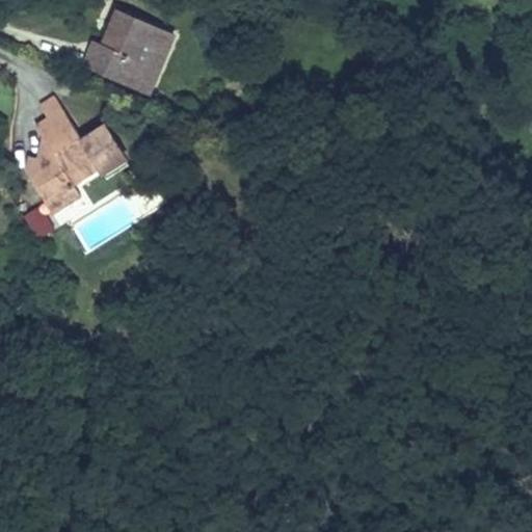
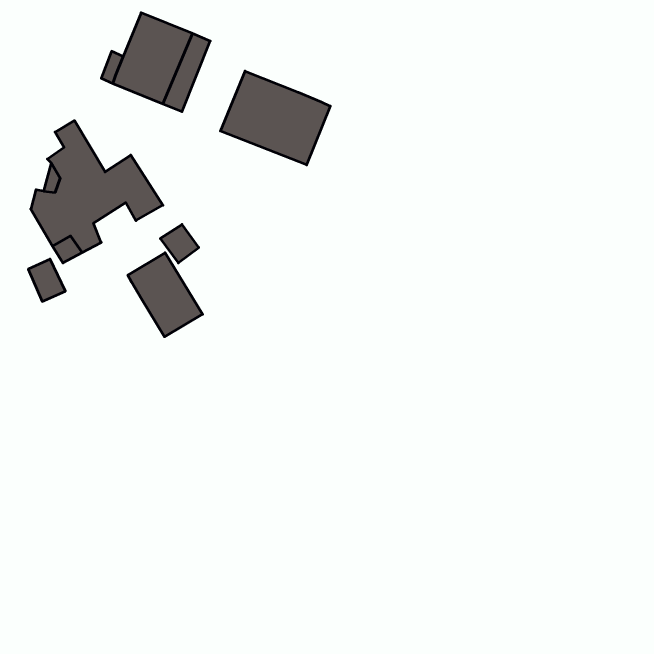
building: none -> [220,71,330,165]
building: none -> [128,253,203,337]

